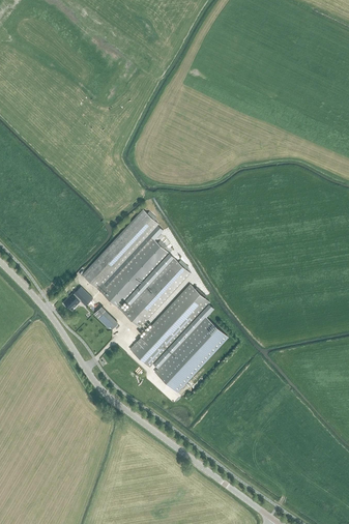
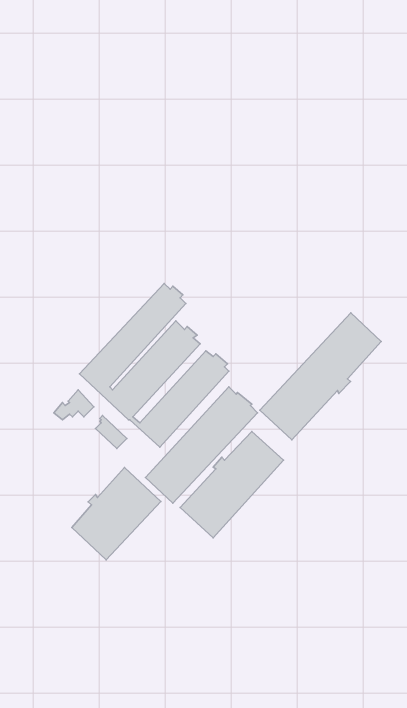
building: none -> [260,313,381,440]
building: none -> [72,468,161,560]

